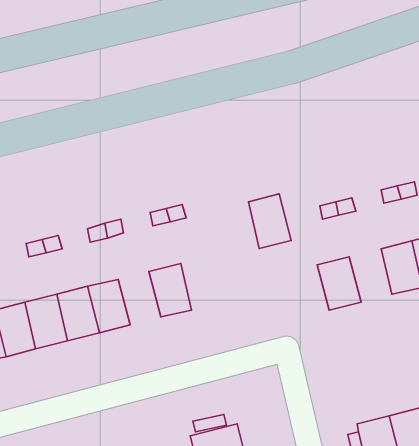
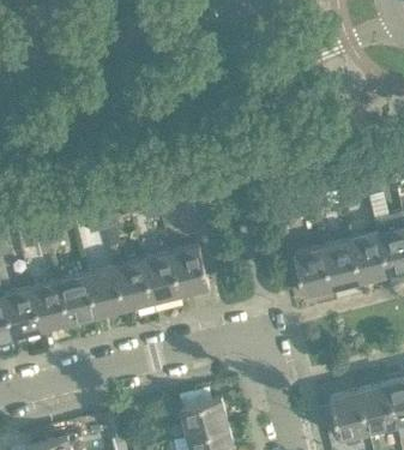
building: [248,194,291,249] -> [170,251,209,300]
building: none -> [321,245,360,293]
building: none -> [114,265,152,313]

